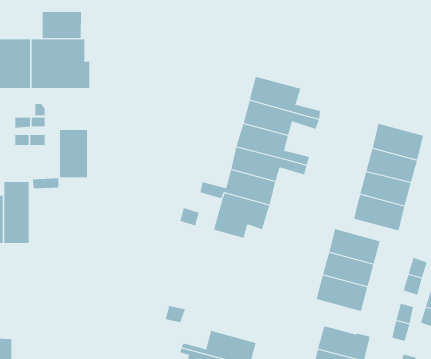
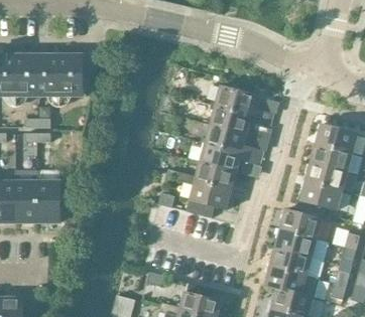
building: [42,11,82,39] -> none
building: [59,129,88,178] -> [36,182,59,221]
building: none -> [264,267,319,297]

